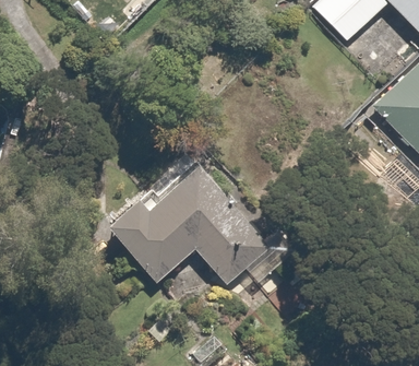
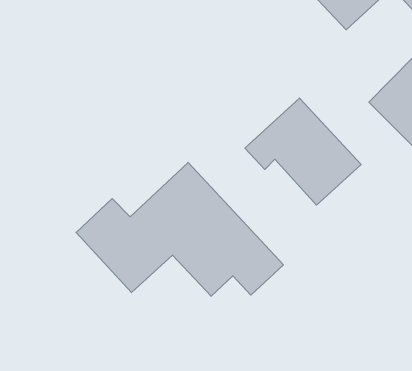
building: none -> [245,98,361,205]

